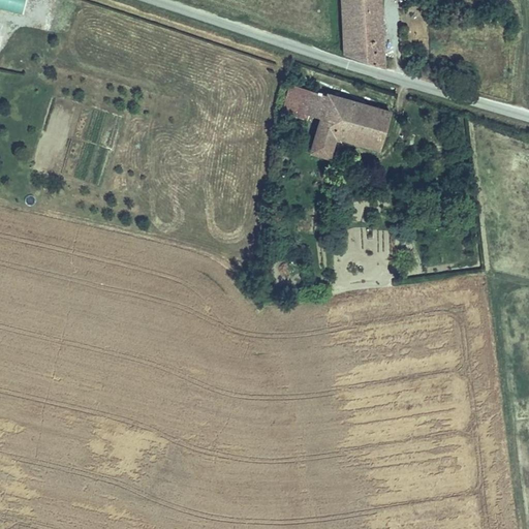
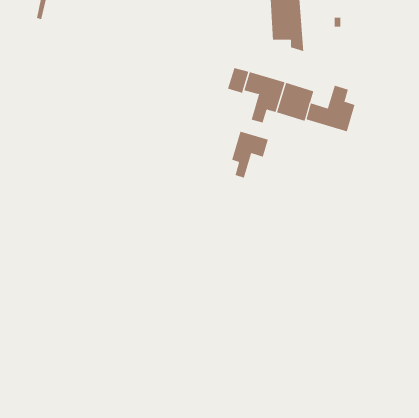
building: none -> [306,85,355,132]
building: none -> [231,131,268,179]

